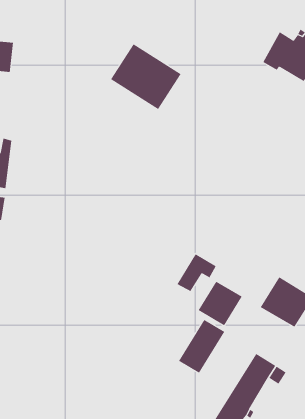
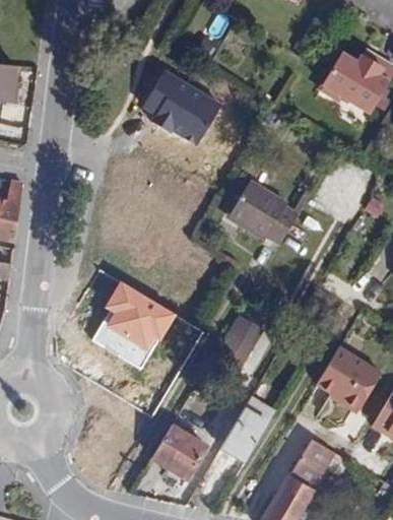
building: none -> [228,180,298,244]
building: none -> [89,284,175,371]
building: [198,281,242,326] -> none
building: none -> [151,424,206,478]

